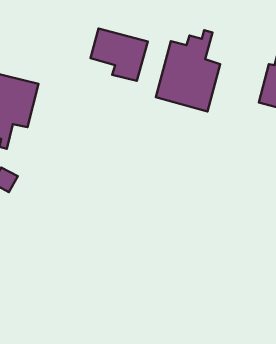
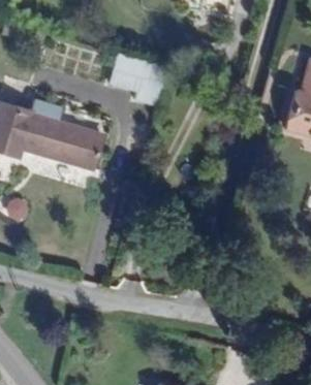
building: [156,30,220,111] -> none
building: none -> [41,110,99,168]

